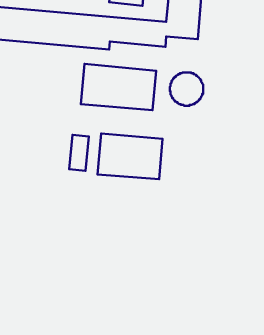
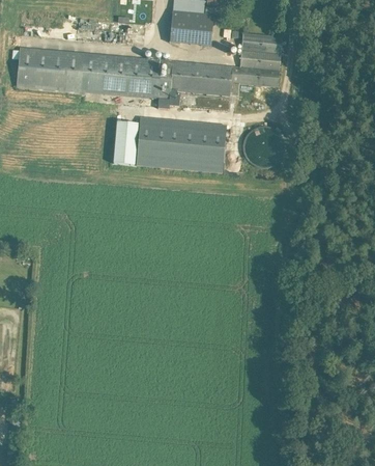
building: [98,133,162,179] -> none
building: [69,135,89,171] -> [113,121,137,165]

